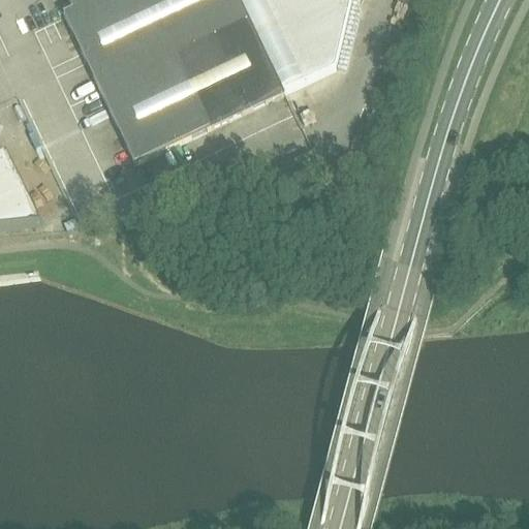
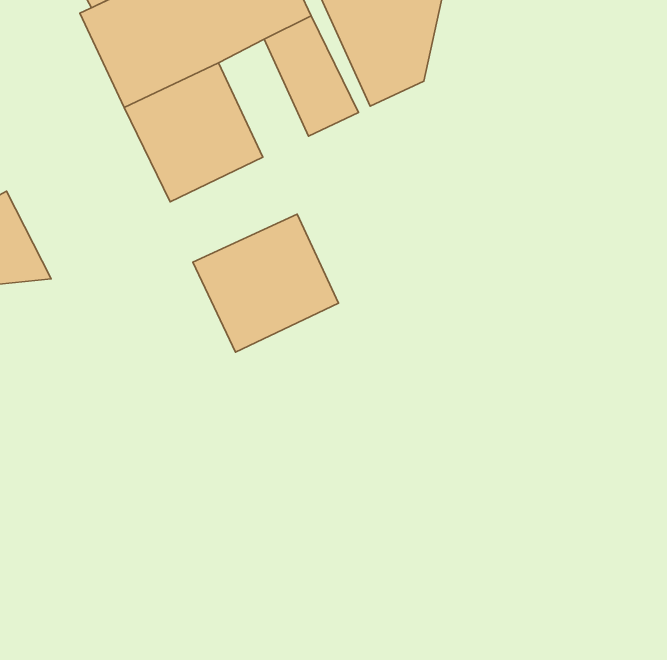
building: [173,31,244,124] -> none
building: none -> [193,214,339,352]

